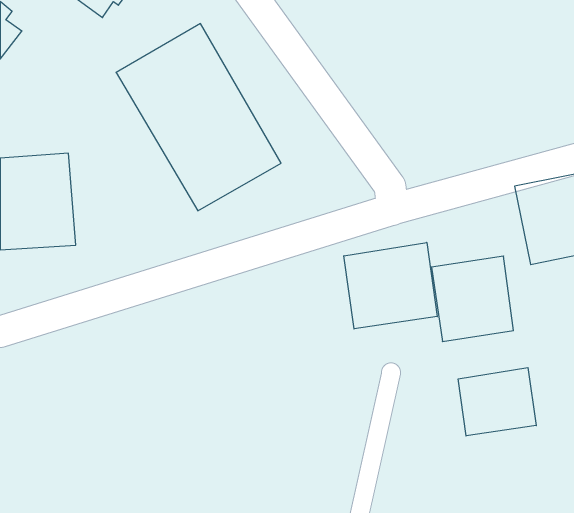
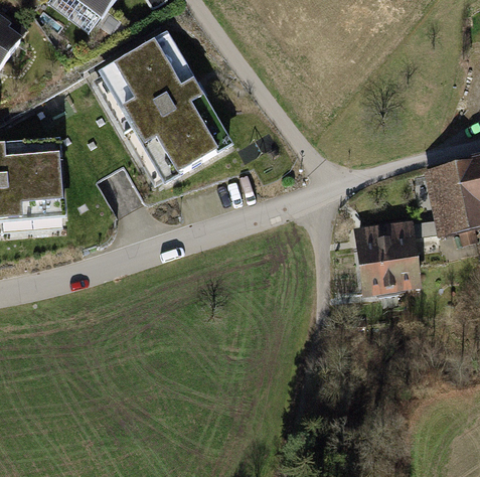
building: [344,242,437,329] -> none
building: [458,368,536,436] -> none

